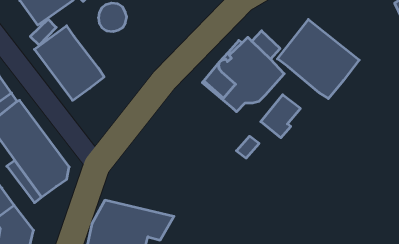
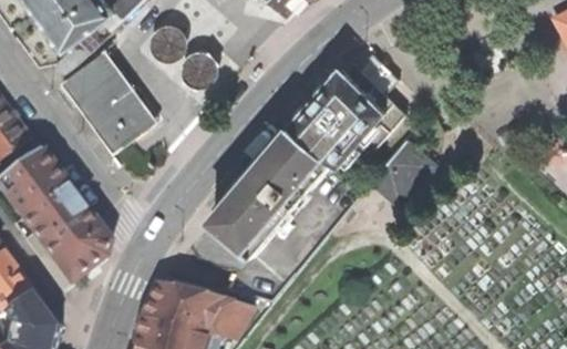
building: [277,19,359,99] -> none
building: none -> [181,44,219,83]
building: none -> [209,124,332,254]

